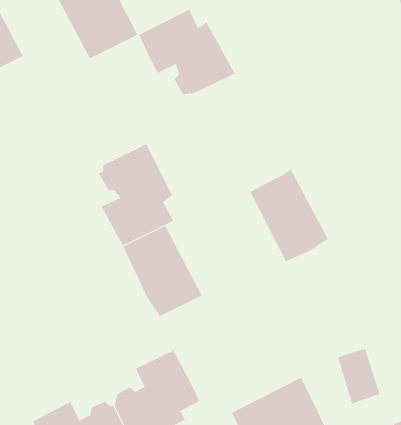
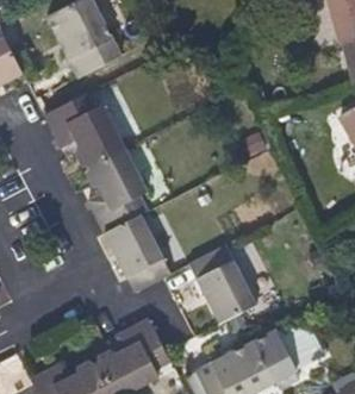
building: [138,9,236,95] -> [44,94,125,165]
building: [250,169,328,262] -> [189,245,255,323]

